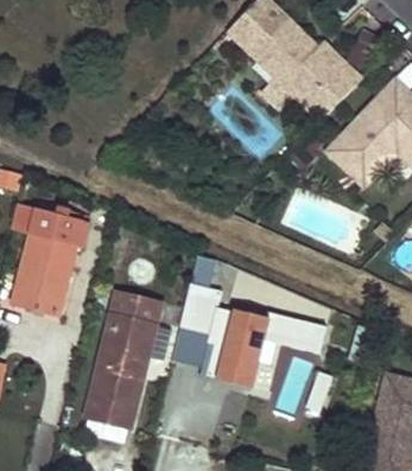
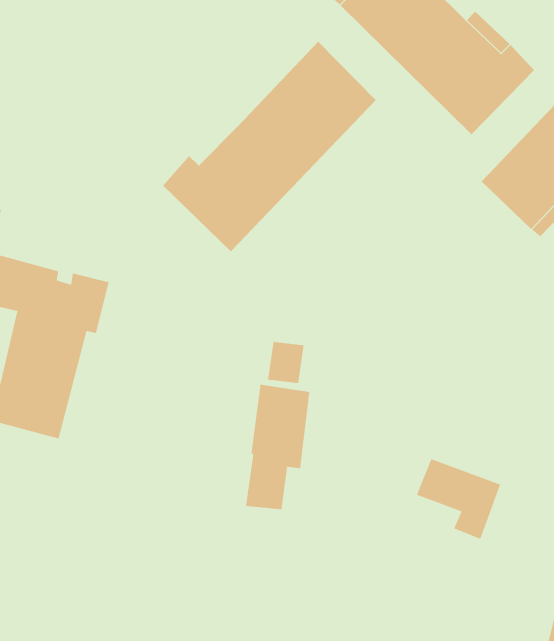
building: none -> [162,41,377,252]
building: [84,288,165,432] -> none
building: [213,298,290,376] -> none

